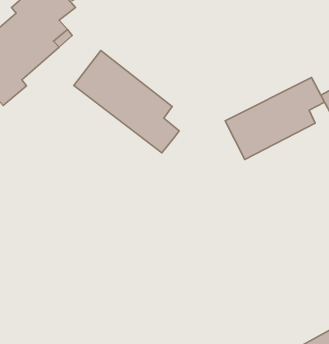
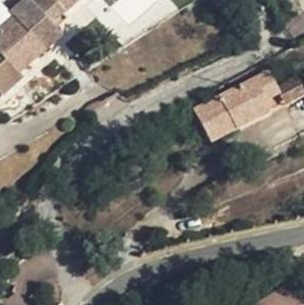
building: [74,51,179,153] -> none

